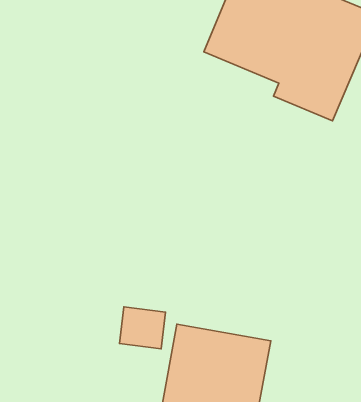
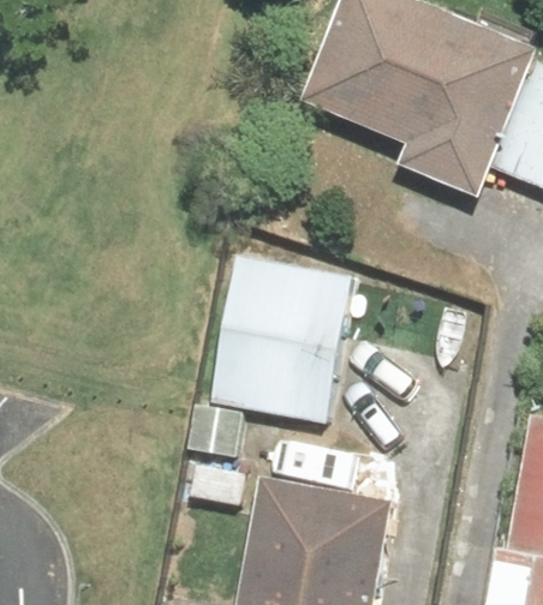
building: none -> [186,256,351,455]

